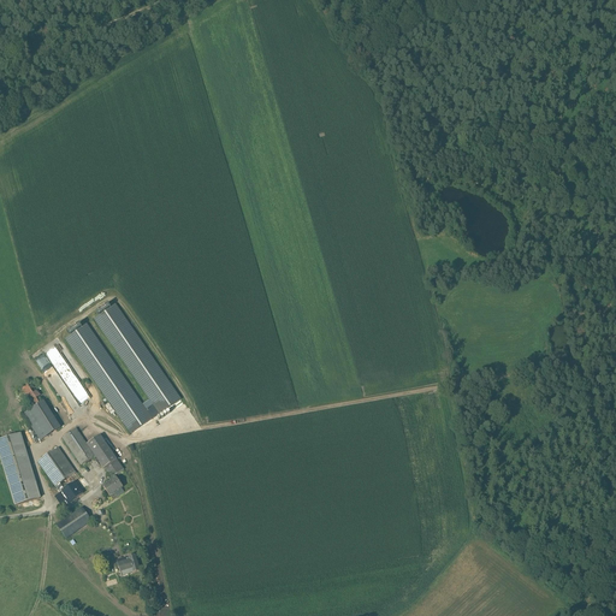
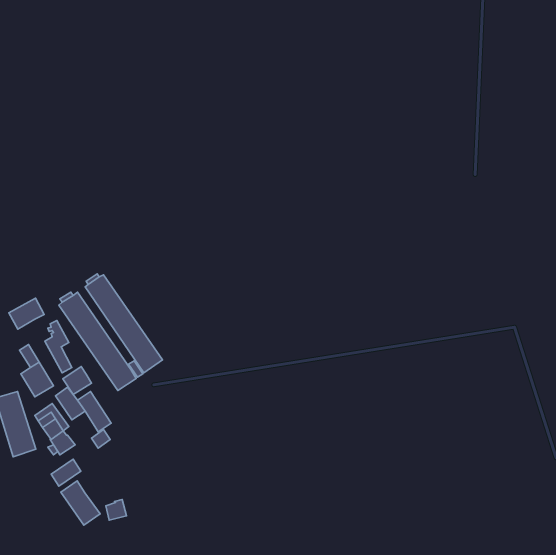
building: none -> [9,298,44,329]
building: none -> [63,367,91,395]
building: none -> [61,481,100,525]

